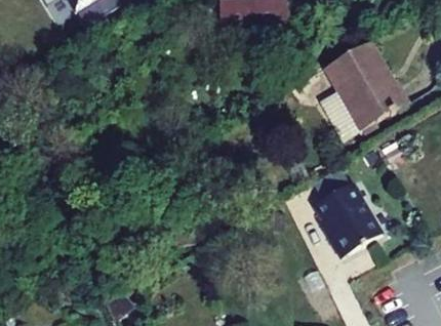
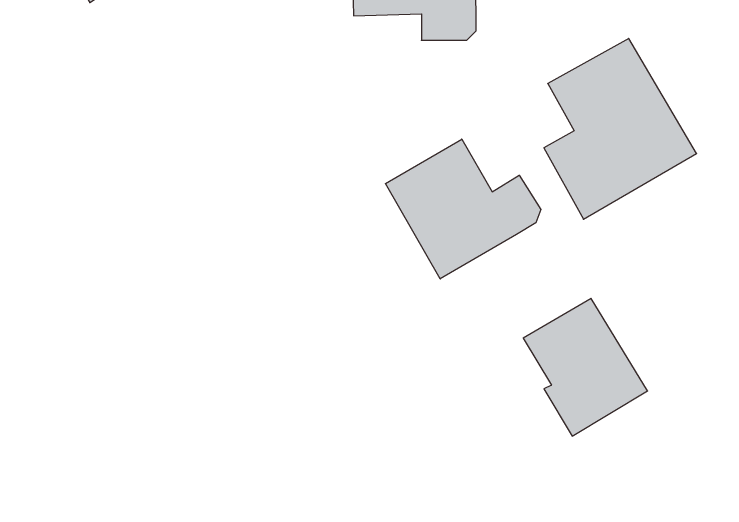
building: none -> [385,139,541,279]

